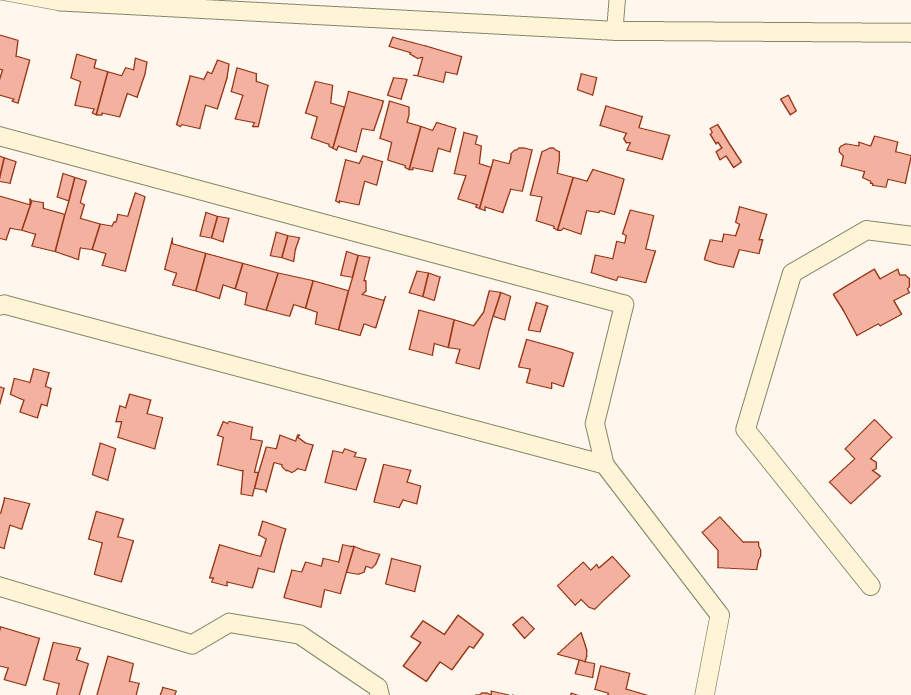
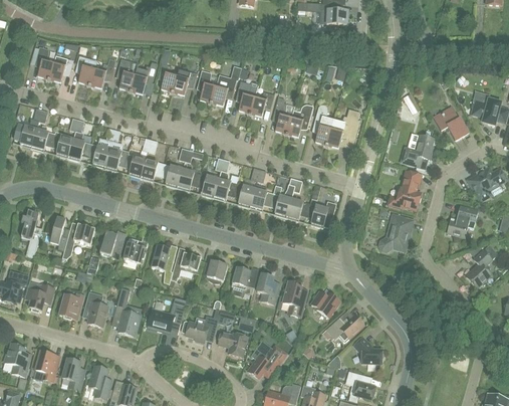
building: [389,37,462,82] -> none
building: none -> [49,54,73,81]
building: none -> [116,57,137,91]
building: [600,106,669,160] -> none
building: none -> [433,105,469,139]
building: [336,156,383,205] -> [173,69,197,94]
building: none -> [104,129,129,171]
building: [591,210,656,282] -> [388,171,421,208]
building: none -> [233,180,255,207]
building: none -> [286,197,310,220]
building: none -> [447,205,478,235]
building: none -> [379,214,413,249]
building: none -> [62,222,95,258]
building: none -> [123,236,148,263]
building: none -> [257,273,279,302]
building: none -> [282,280,308,317]
building: none -> [113,286,141,335]
building: none -> [311,290,340,317]
building: none -> [59,292,84,319]
building: [702,517,761,570] -> [353,336,384,363]
building: none -> [218,331,248,356]

